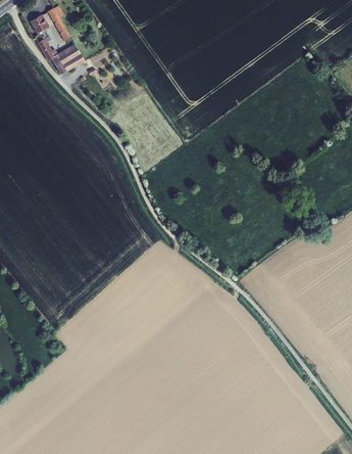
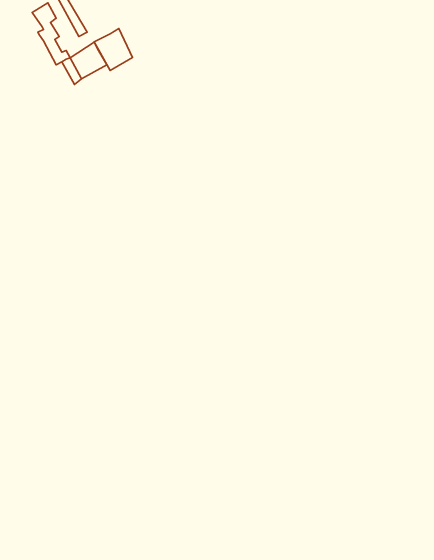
building: none -> [94,28,133,71]

